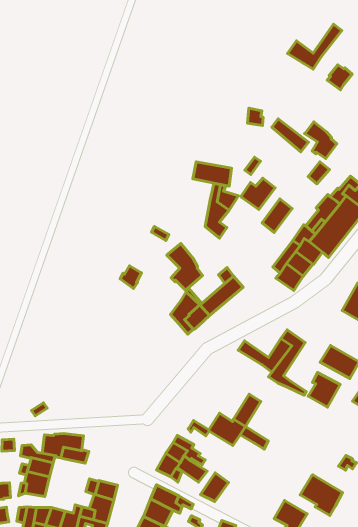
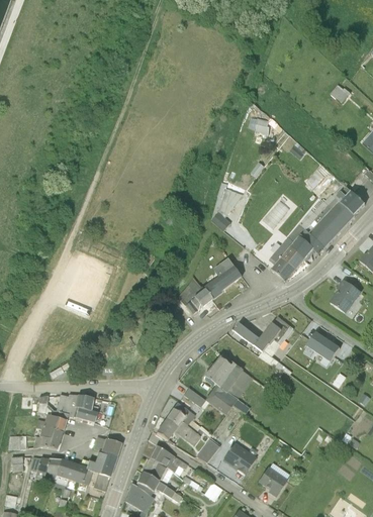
building: [287,24,342,69] -> none
building: [305,122,337,159] -> none
building: [193,162,232,186] -> none
building: [241,178,275,209] -> none
building: [167,244,202,290] -> none
building: [308,372,340,407] -> none
building: none -> [202,356,242,393]
building: [300,475,343,516] -> none
building: none -> [221,441,255,474]

